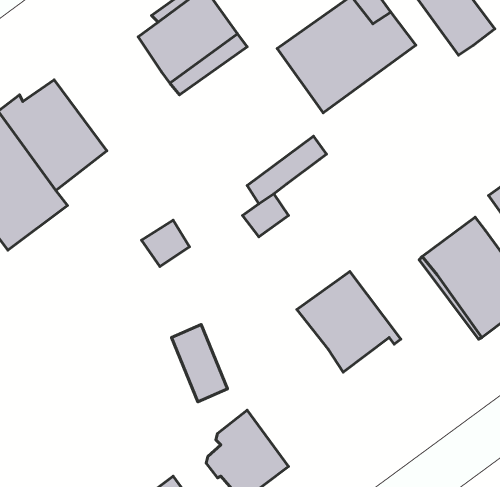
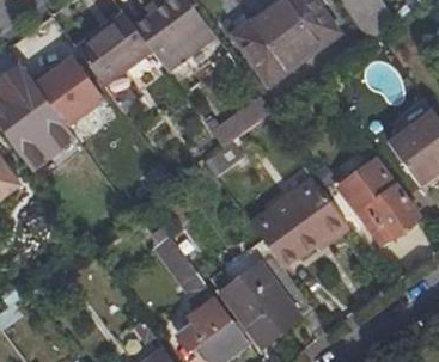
building: none -> [75,14,151,87]
building: none -> [287,178,348,246]
building: none -> [217,253,309,348]

